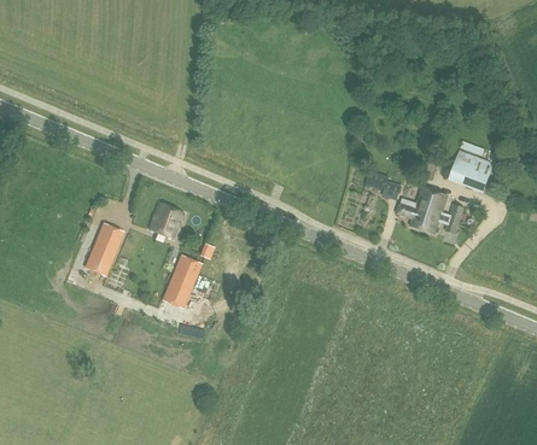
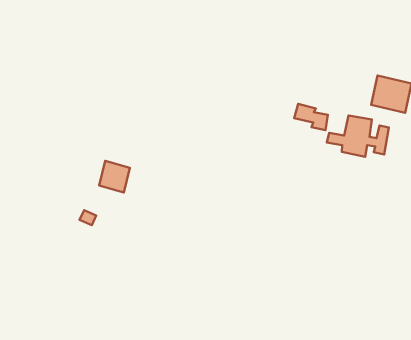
building: [87,232,121,274] -> none
building: [165,256,199,306] -> none

